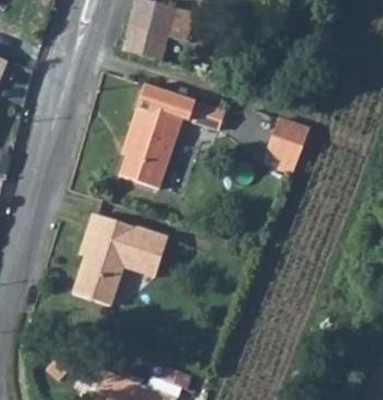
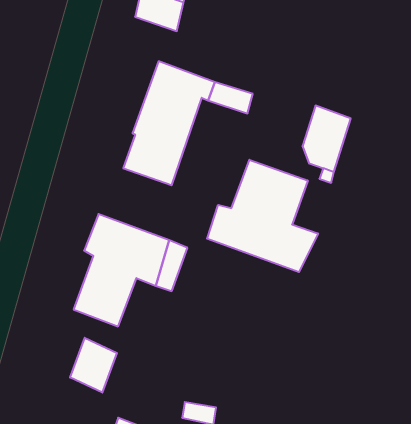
building: none -> [207,160,318,272]
building: none -> [70,338,117,393]

